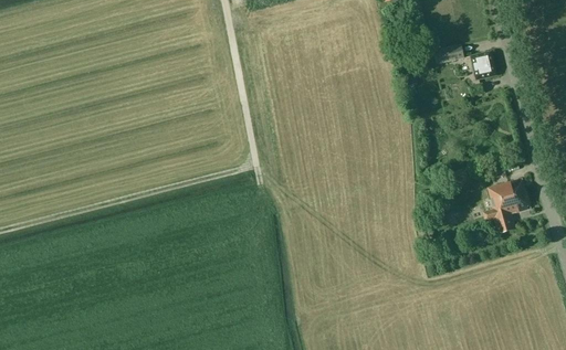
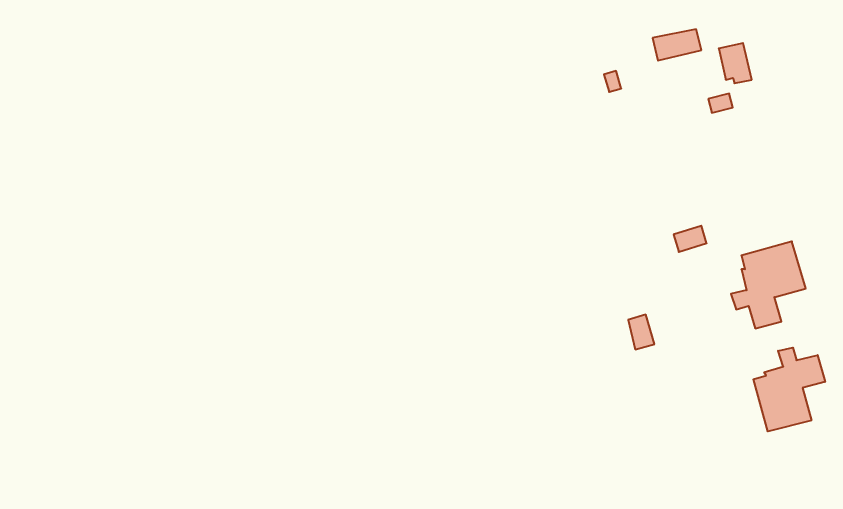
building: none -> [753,348,825,431]

